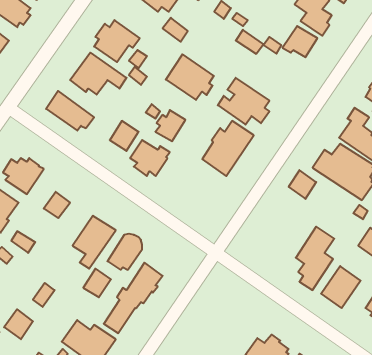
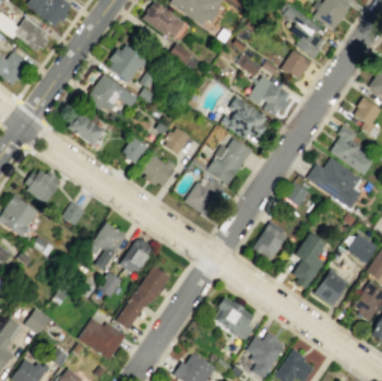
building: [166,54,214,100] -> [248,74,291,116]
building: none -> [184,179,226,217]
building: none -> [252,221,287,259]
building: none -> [214,297,255,341]

